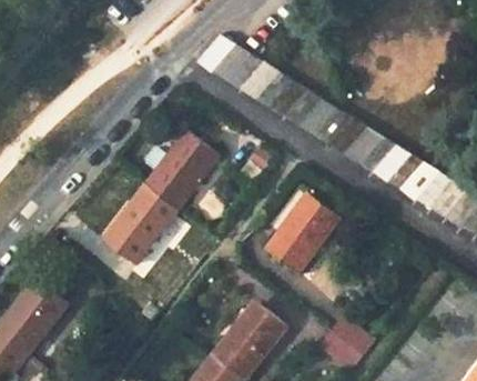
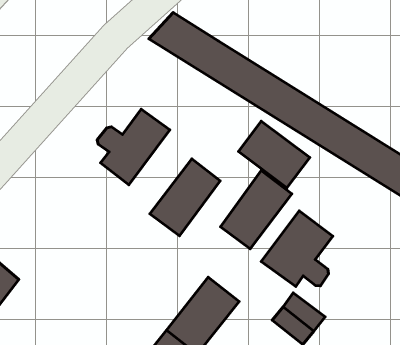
building: none -> [238,121,310,188]
building: [103,186,174,263] -> [150,159,220,236]
building: none -> [261,211,333,287]

